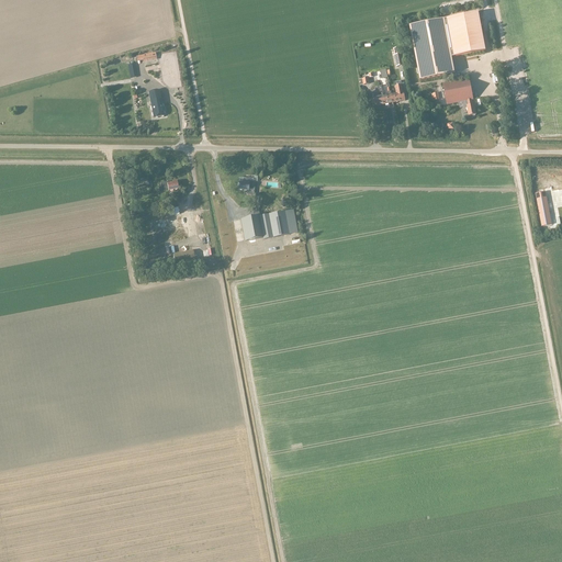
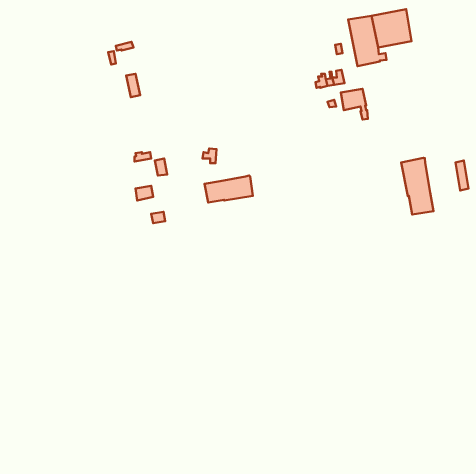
building: [445,77,476,113] -> [341,89,368,120]
building: none -> [401,158,434,215]

